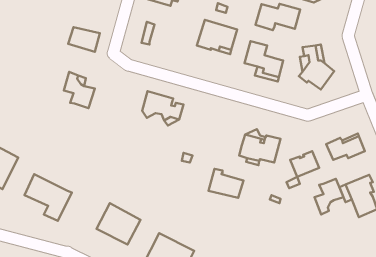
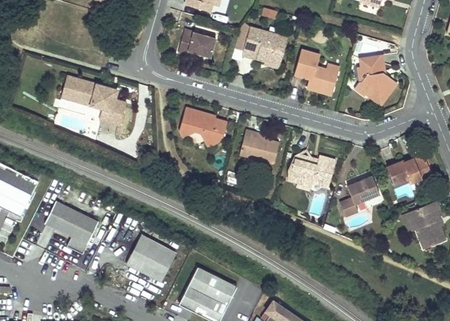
building: [255,4,300,30] -> none
building: none -> [186,30,214,56]
building: [68,27,100,52] -> [59,77,95,105]
building: [208,169,244,198] -> [238,129,278,162]
building: [315,179,343,215] -> none

